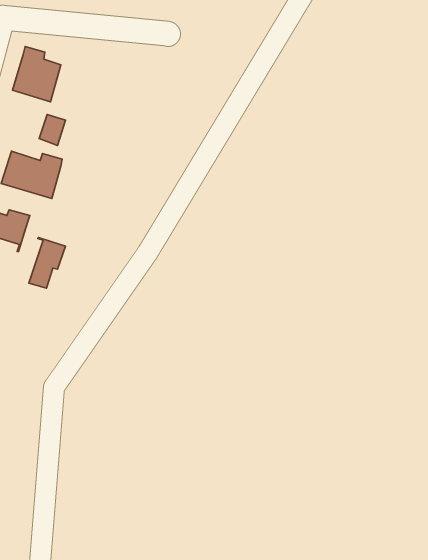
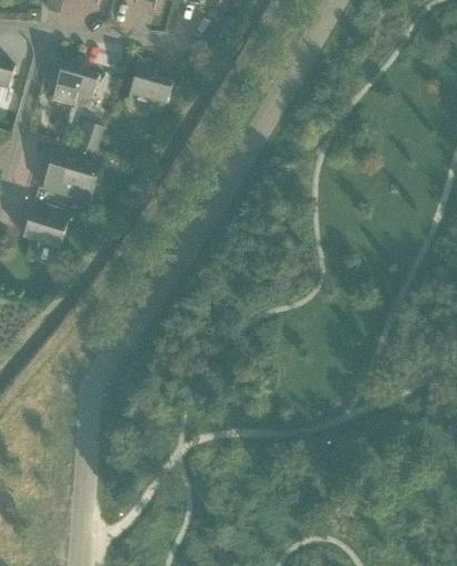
building: none -> [126,65,172,104]
building: [29,237,66,288] -> none

